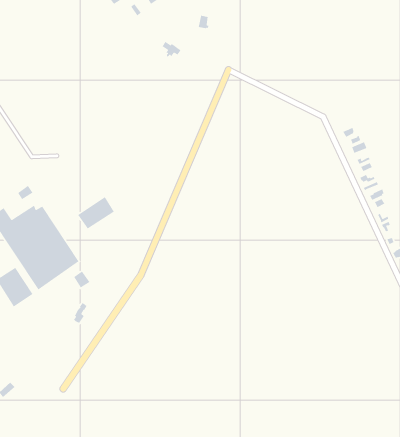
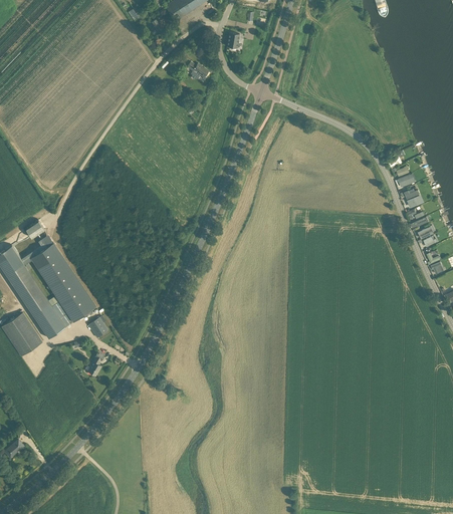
building: [77,196,115,230] -> none

